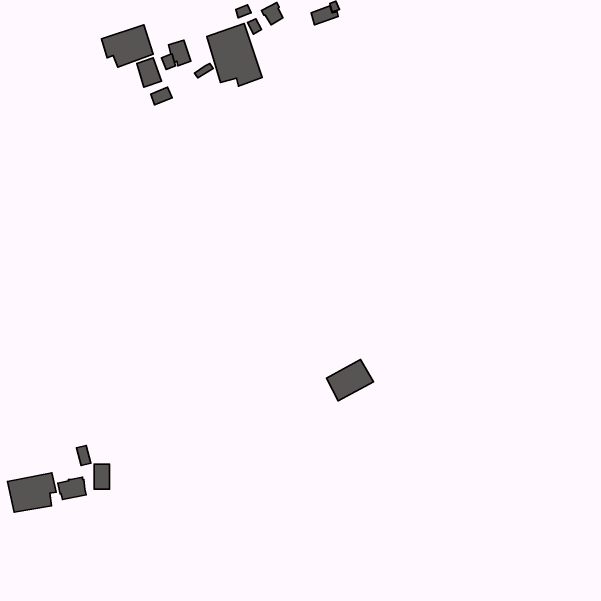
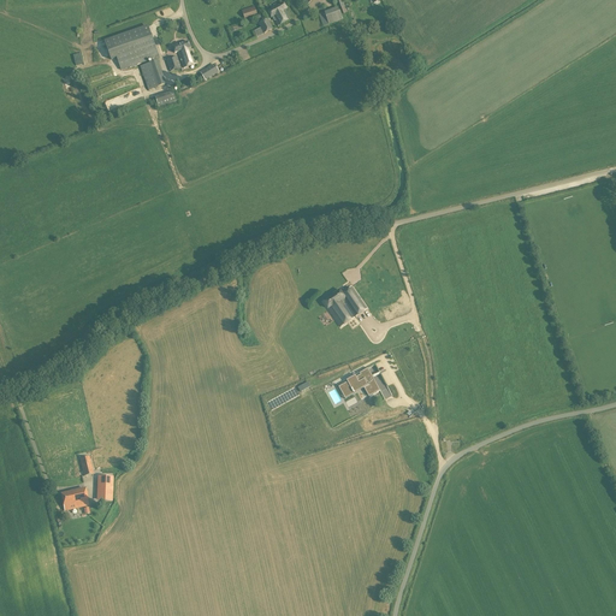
building: [207,24,262,86] -> none
building: none -> [321,285,366,326]
building: [8,473,56,512] -> none

